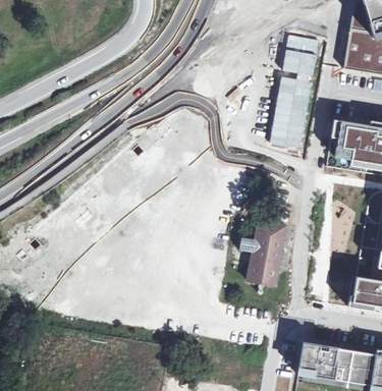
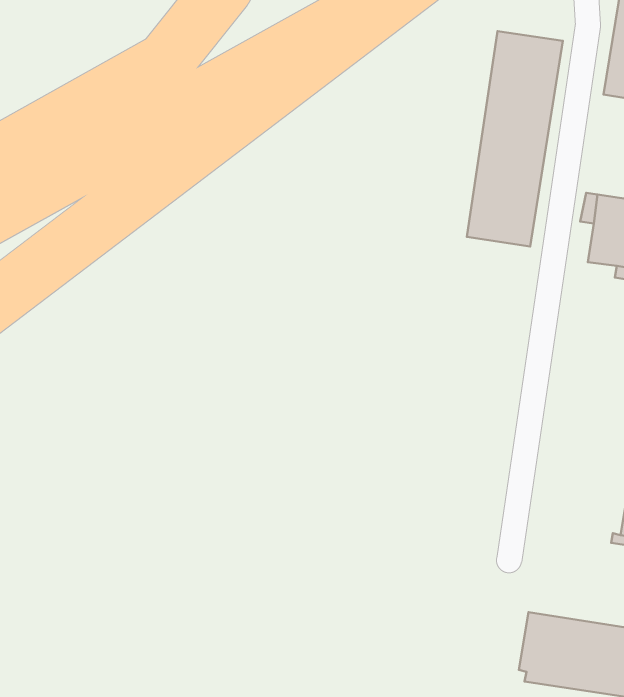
building: [239,220,286,285] -> none

